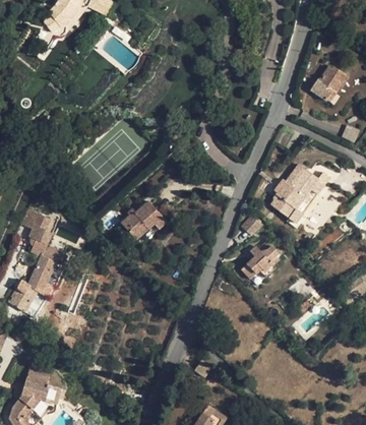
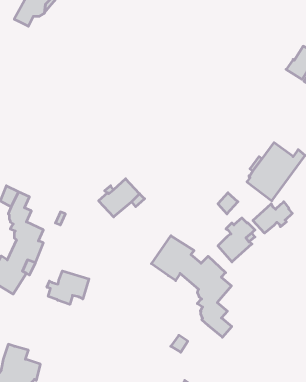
building: none -> [253,202,292,233]
building: none -> [151,236,232,337]
building: none -> [47,271,89,304]

